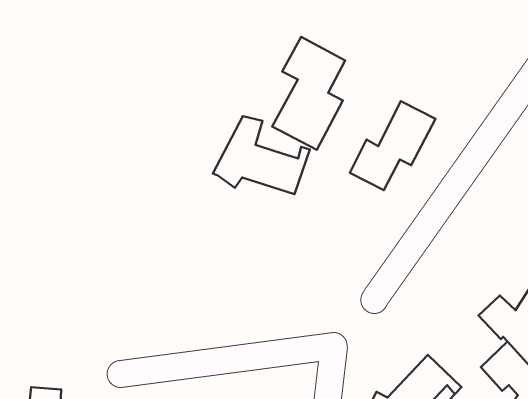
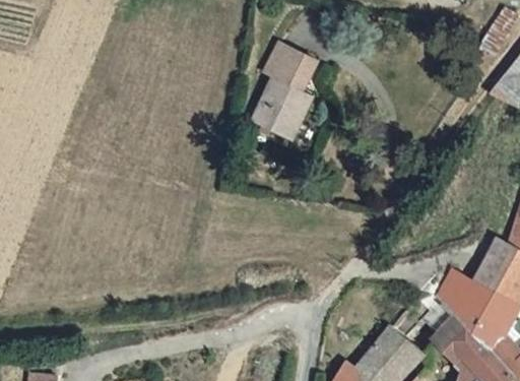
building: [350,101,435,190] -> none
building: [213,116,310,194] -> none

